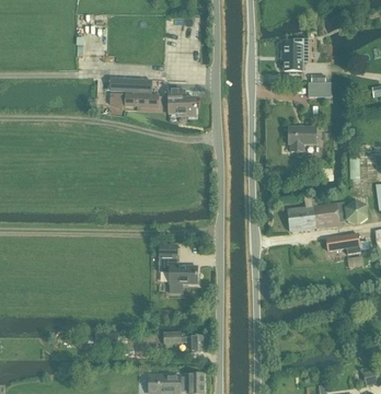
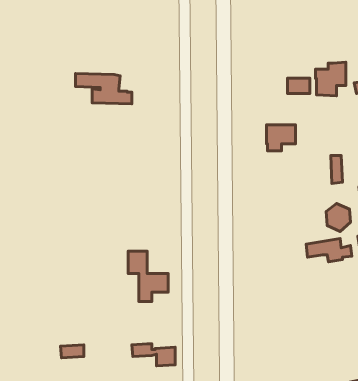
building: [281,38,310,70] -> [315,62,346,96]
building: [168,88,195,115] -> none
building: [287,195,338,231] -> none

